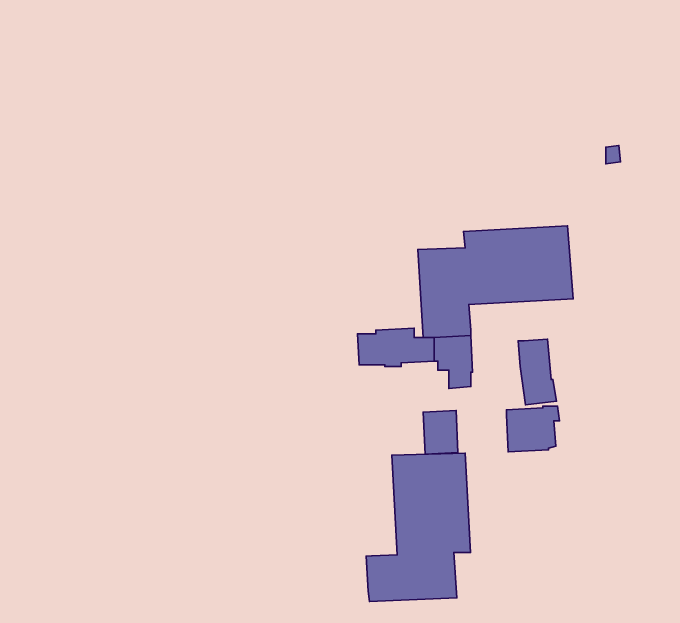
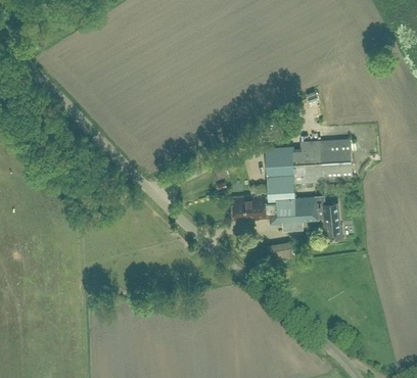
building: [506,406,559,452] -> [295,195,325,221]
building: [366,453,470,602] -> none

